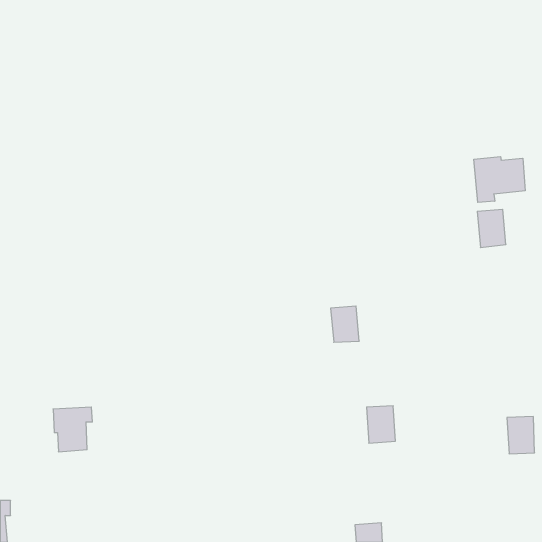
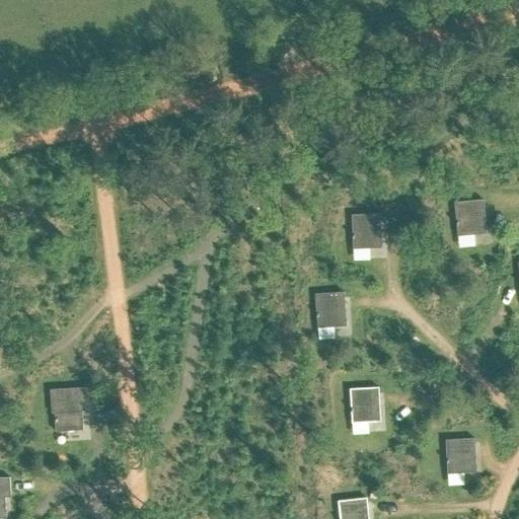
building: [474,157,525,202] -> none
building: none -> [354,214,379,248]
building: [507,417,535,454] -> [447,438,473,473]

